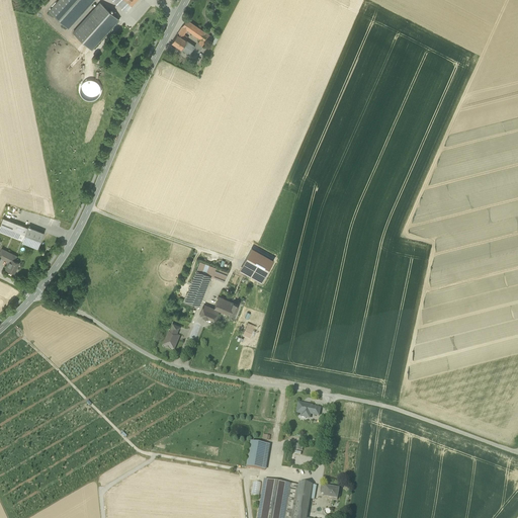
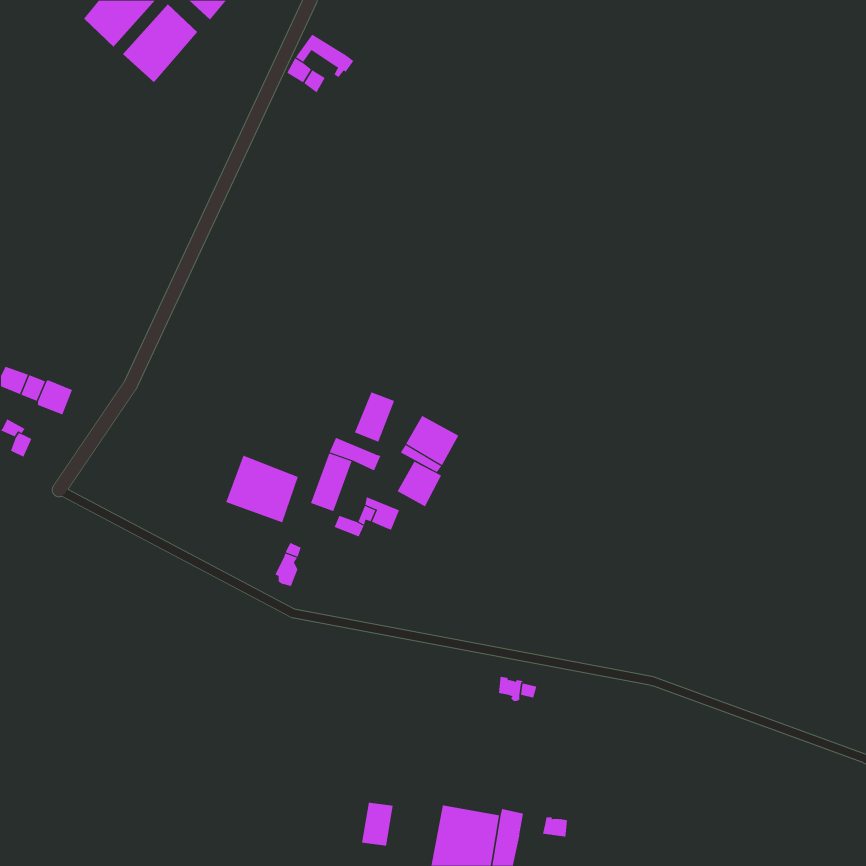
building: none -> [354,392,395,443]
building: none -> [226,455,299,523]
building: none -> [397,461,442,507]
building: [246,443,265,469] -> [361,802,394,846]

